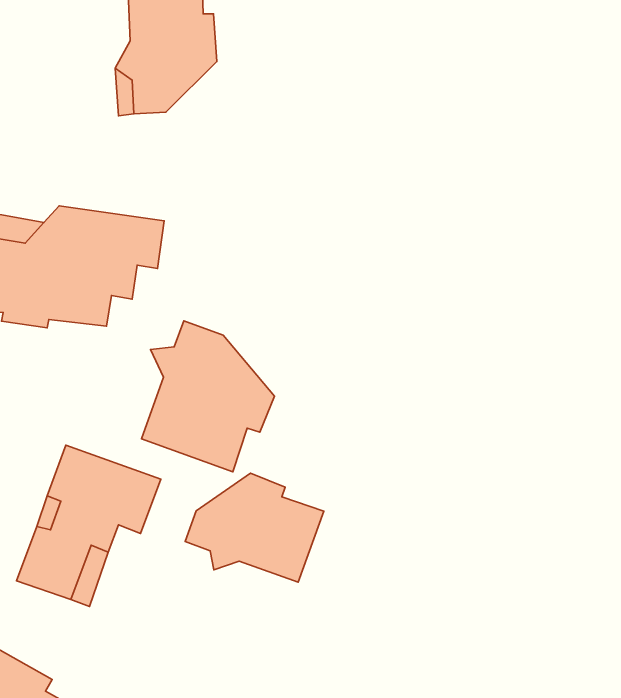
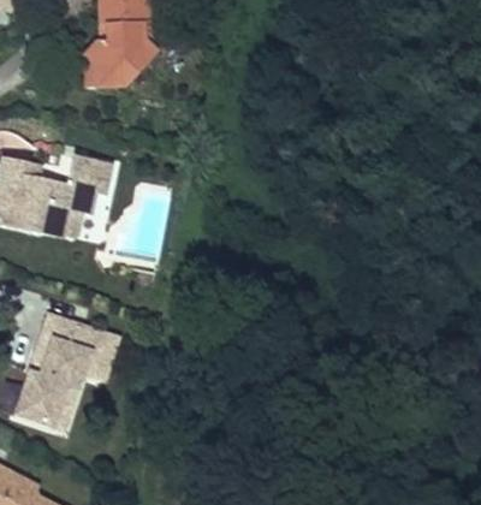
building: [142,321,274,472] -> none
building: [185,473,324,582] -> none

